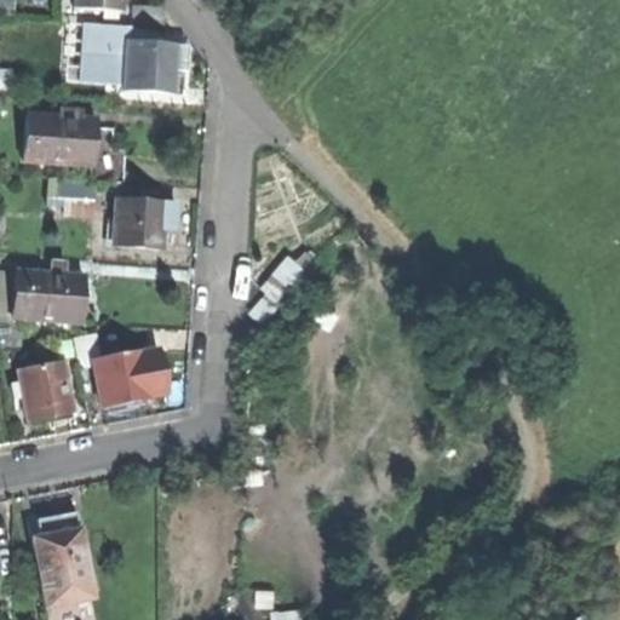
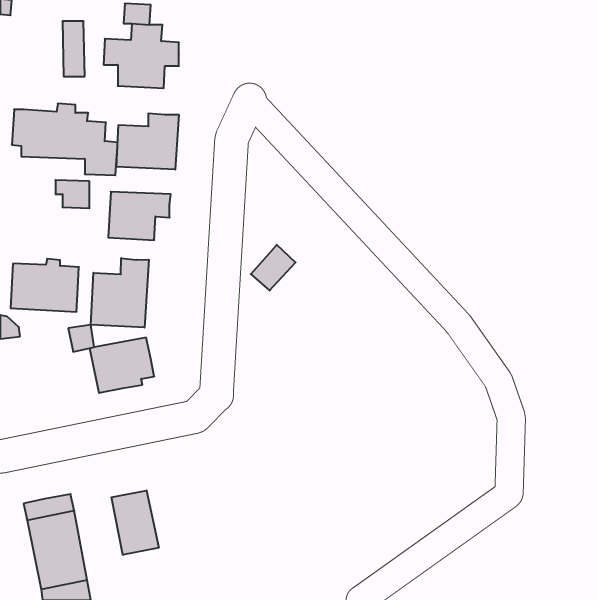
building: none -> [117,113,179,170]
building: none -> [91,258,149,328]
building: [15,361,75,419] -> none
building: none -> [111,490,159,555]

